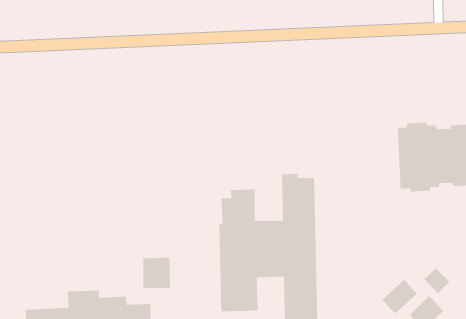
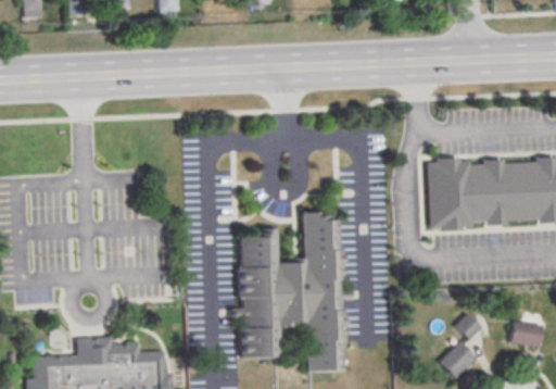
building: [143,257,171,289] -> none
building: [381,279,417,314] -> none

